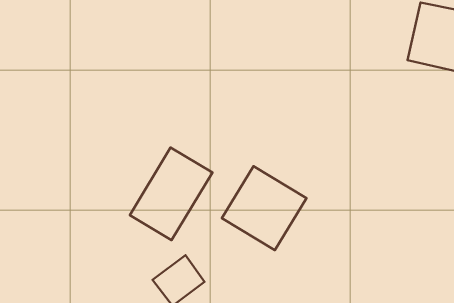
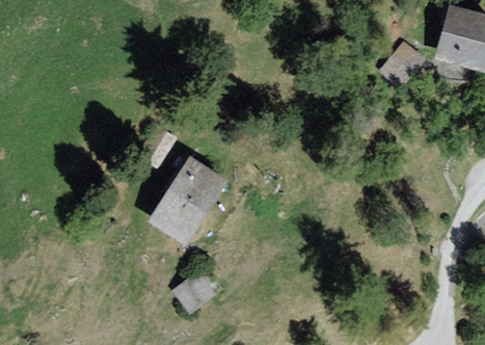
building: none -> [376,39,425,91]
building: [222,166,306,250] -> none

